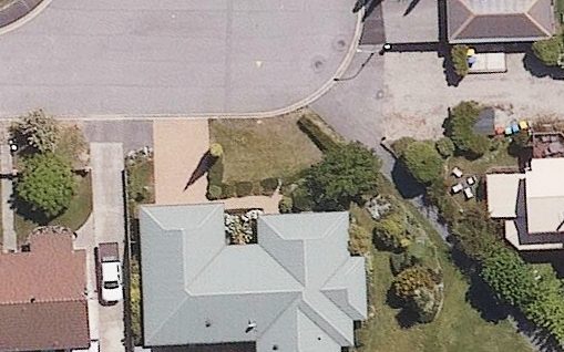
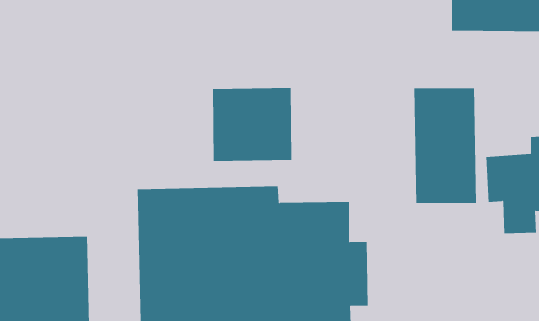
building: none -> [213,87,292,162]
building: none -> [414,88,476,204]

